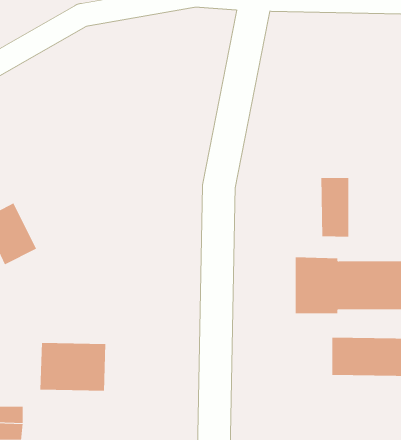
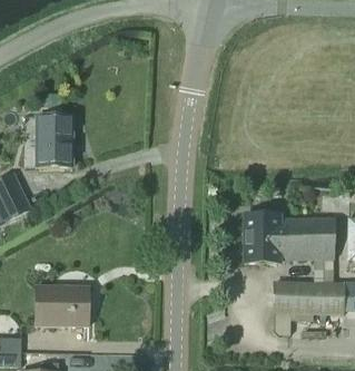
building: none -> [38,115,72,166]
building: [321,177,349,237] -> none

